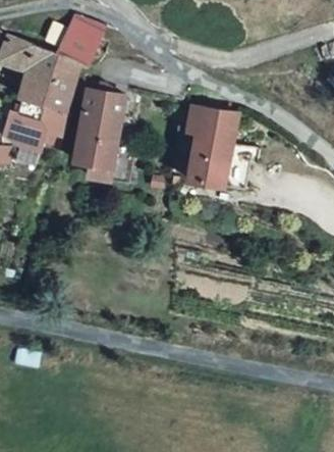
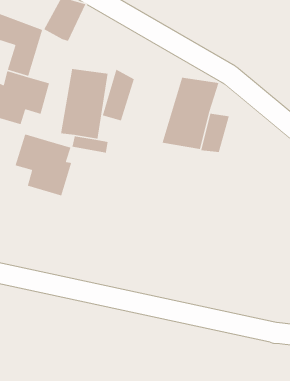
building: [39,55,74,112] -> [102,69,135,122]
building: none -> [15,134,72,196]

